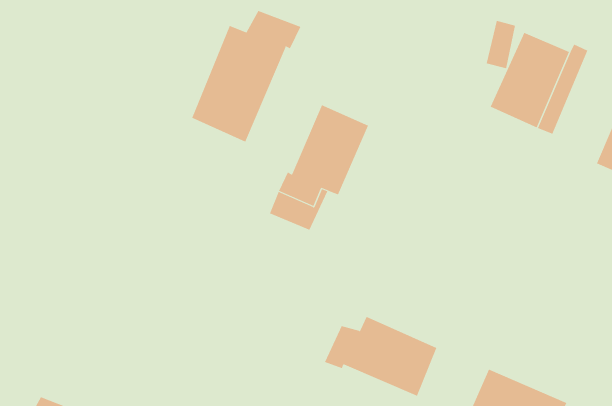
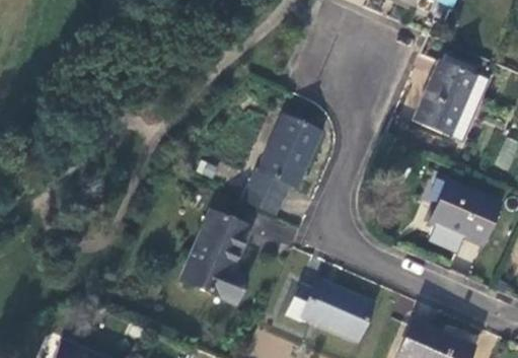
building: [191,10,301,142] -> none
building: none -> [430,182,501,245]
building: none -> [181,213,249,304]

